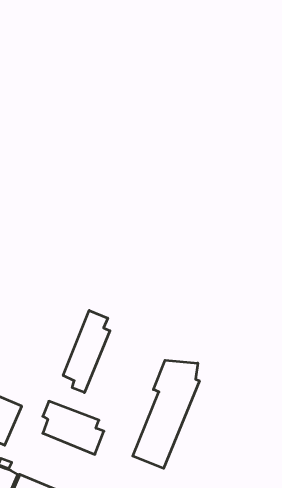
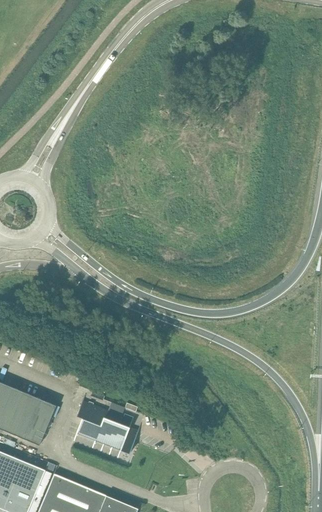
building: [63,310,110,393] -> none
building: [133,360,199,468] -> none

